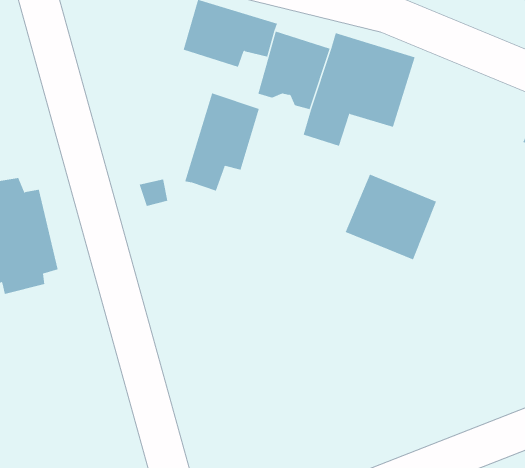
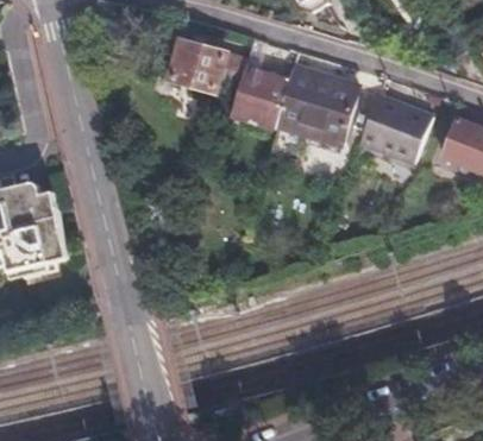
building: [184,93,260,192] -> none
building: [345,174,437,260] -> [355,94,429,164]

